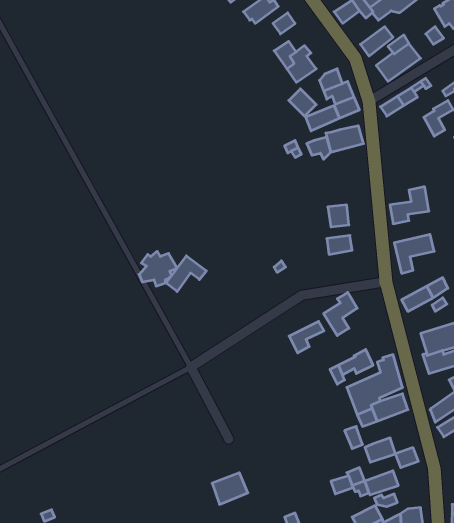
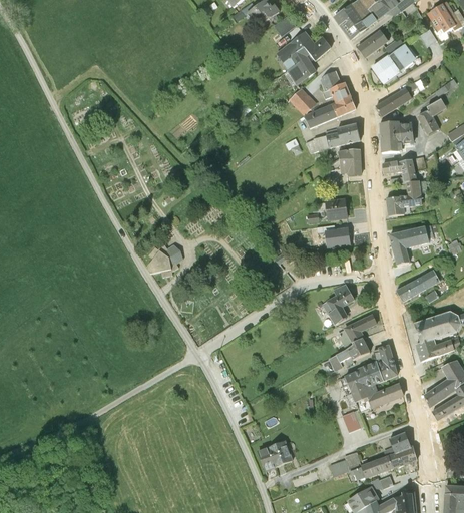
building: none -> [341,15,375,41]
building: none -> [290,31,331,60]
building: none -> [379,121,413,154]
building: none -> [338,150,361,176]
building: none -> [383,159,418,185]
building: [166,256,206,292] -> none
building: [289,321,324,353] -> [344,313,377,343]
building: [365,438,396,462] -> [389,443,418,466]
building: [212,473,248,504] -> [259,440,293,470]

